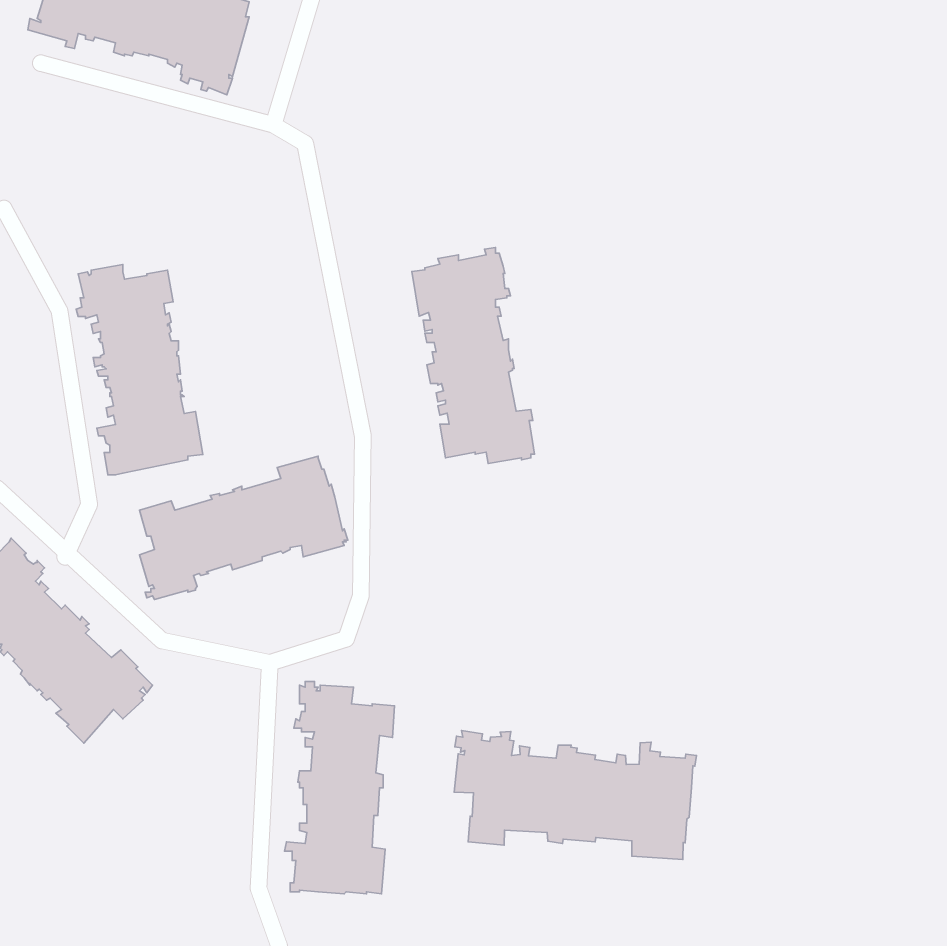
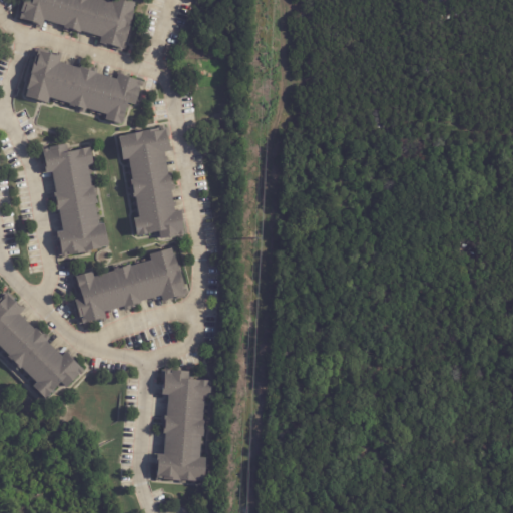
building: none -> [25,49,142,123]
building: [412,247,535,463] -> [118,123,184,239]
building: [454,731,696,860] -> none

